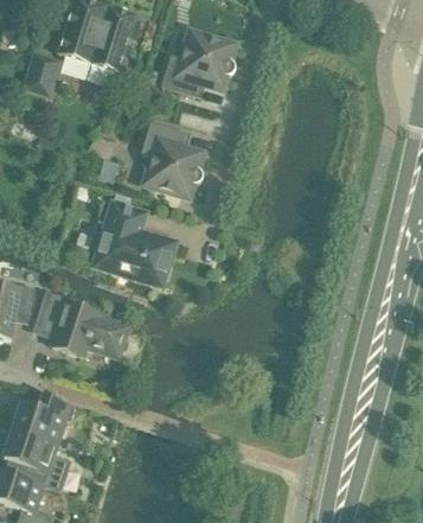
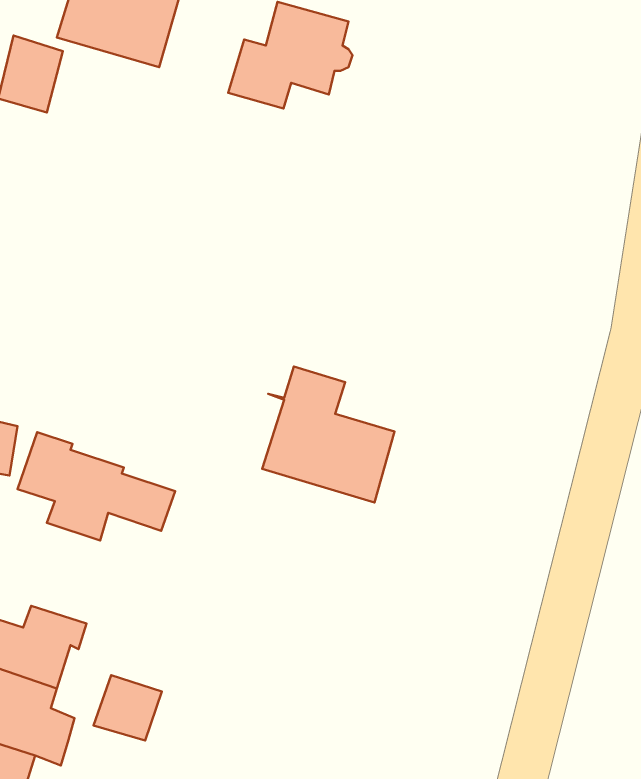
building: [141,121,203,196] -> none
building: [95,203,174,285] -> [262,366,394,502]
building: none -> [94,675,162,741]

